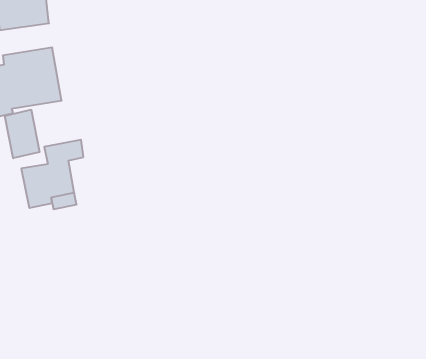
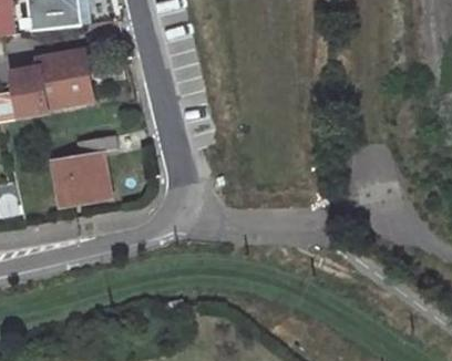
building: [5,110,40,158] -> none

